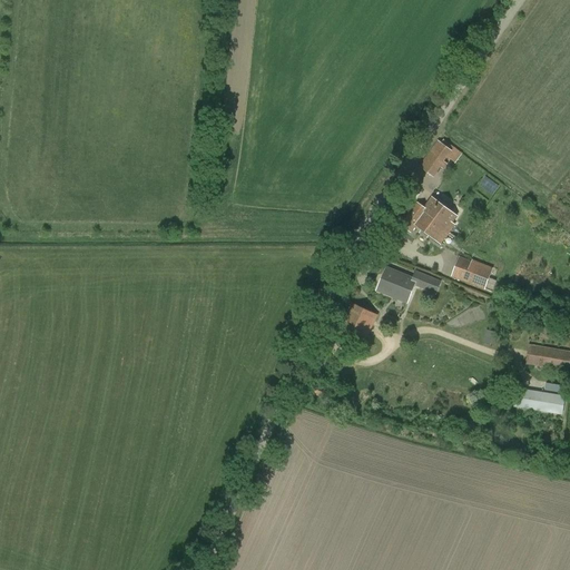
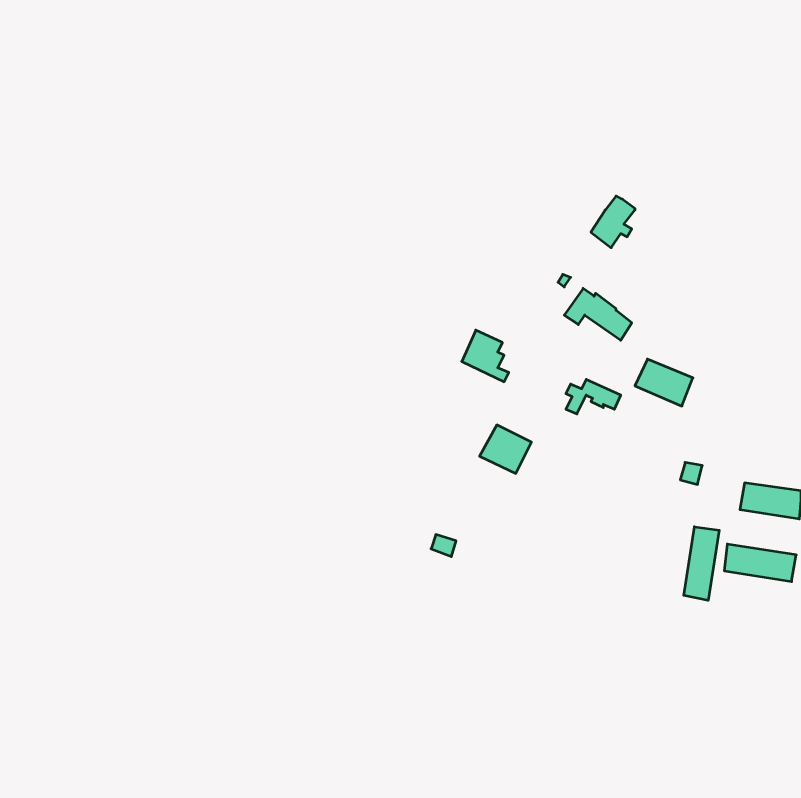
building: [414,196,456,229] -> none
building: [376,264,410,301] -> [462,330,509,382]
building: none -> [684,527,719,600]

